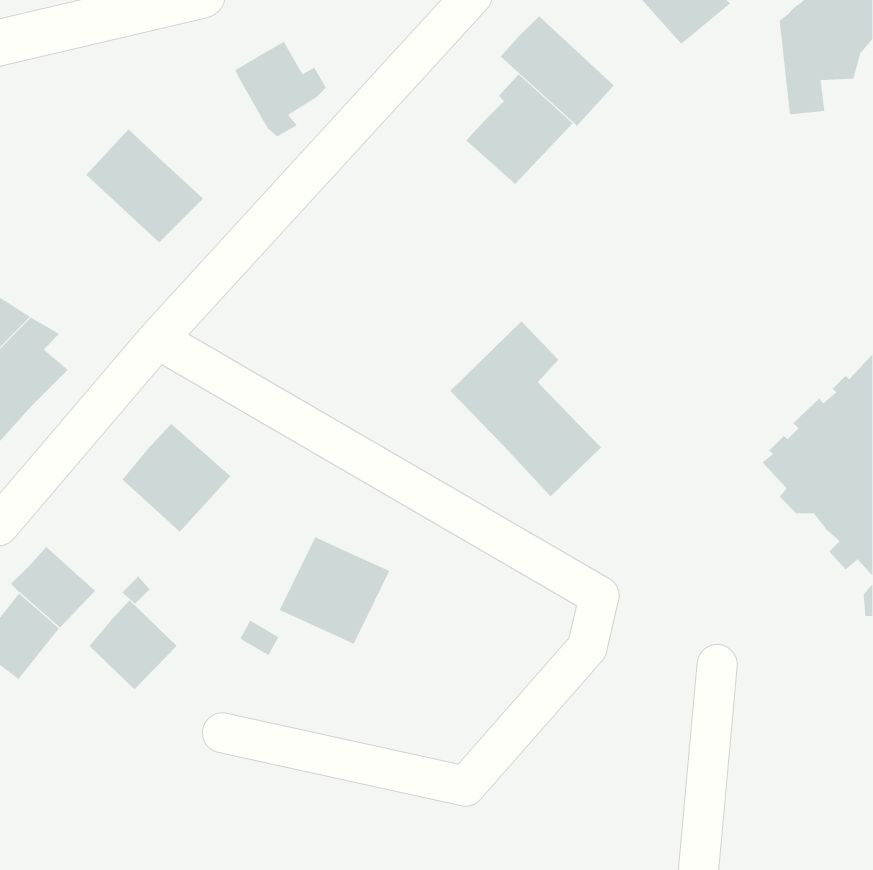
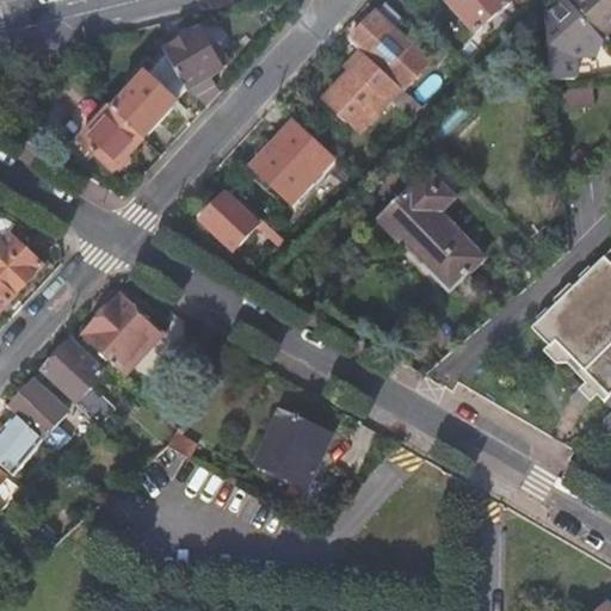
building: none -> [111,54,185,138]
building: none -> [252,119,334,202]
building: none -> [200,192,259,248]
building: [450,321,602,497] -> [377,167,483,290]
building: [279,537,390,645] -> [254,409,332,485]
building: [88,600,177,690] -> [42,340,104,403]

